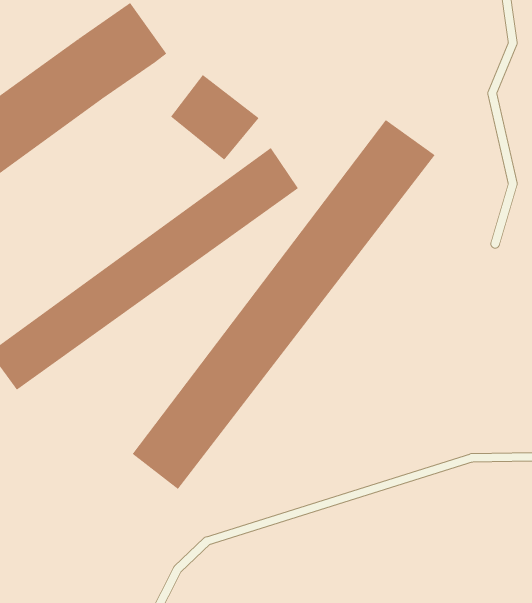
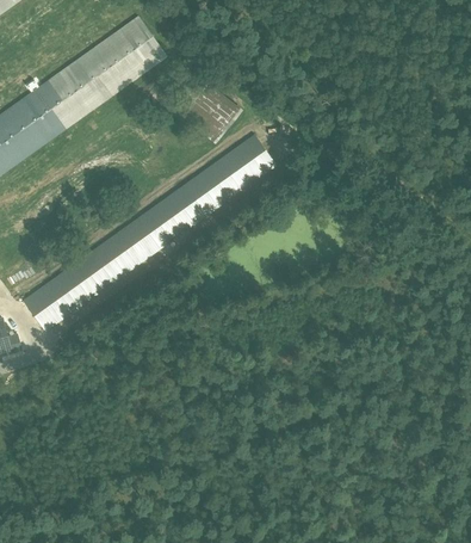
building: [132,119,435,490] -> none

